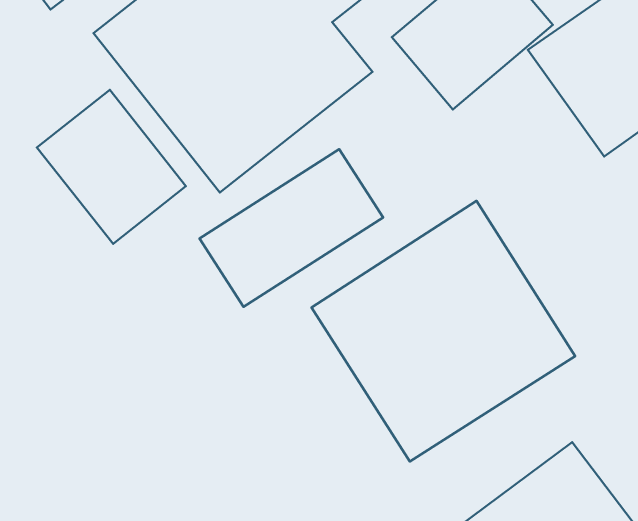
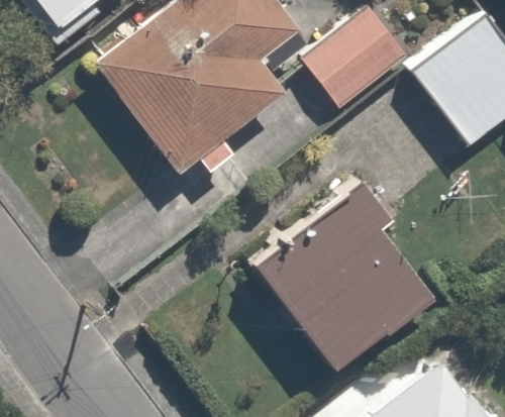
building: [37,90,186,244] -> none
building: [200,149,383,307] -> none

